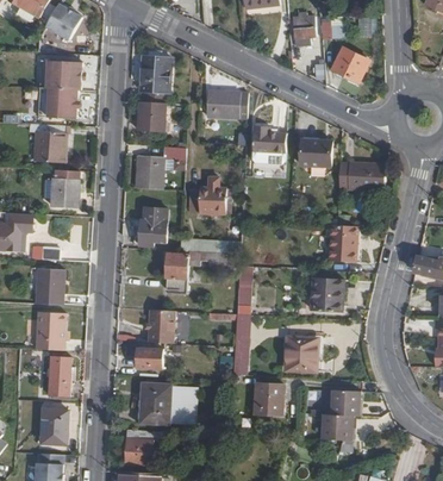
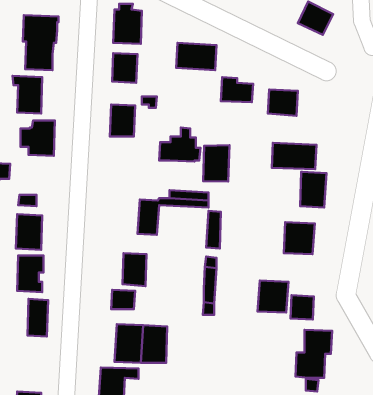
building: [338,160,385,187] -> [272,143,316,169]
building: none -> [203,145,229,181]
building: [138,207,167,246] -> none
building: none -> [290,295,314,320]
building: [255,382,282,413] -> none
building: [43,410,69,445] -> none

